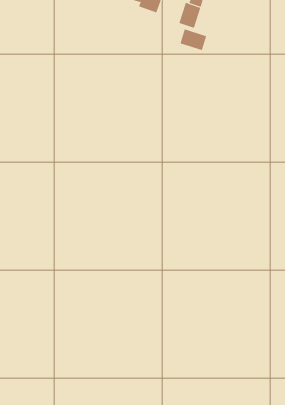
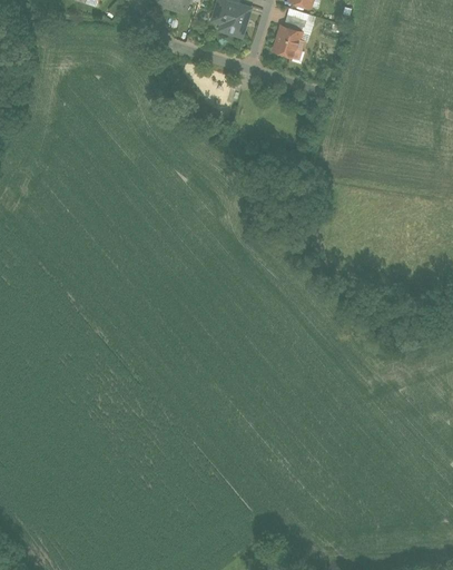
building: [180,29,207,51] -> none

